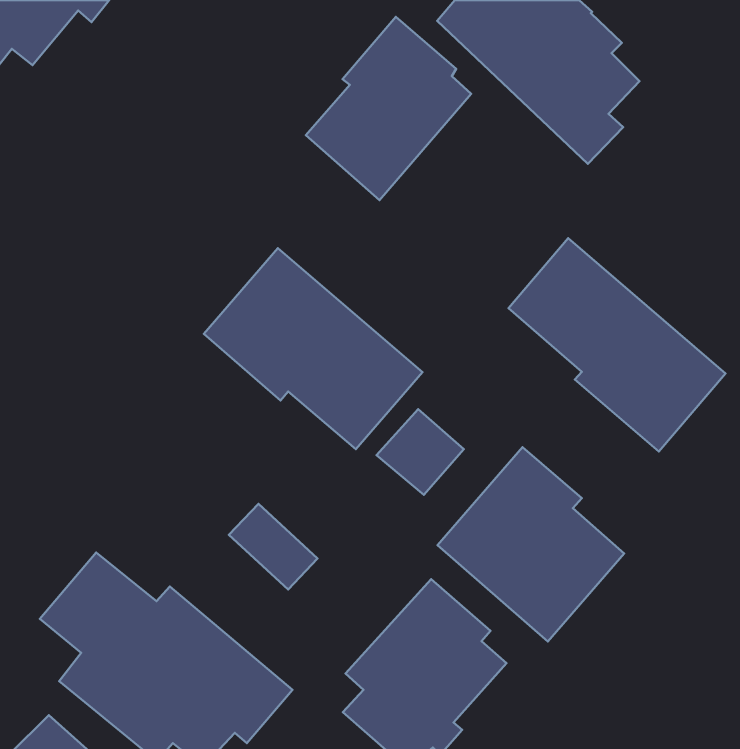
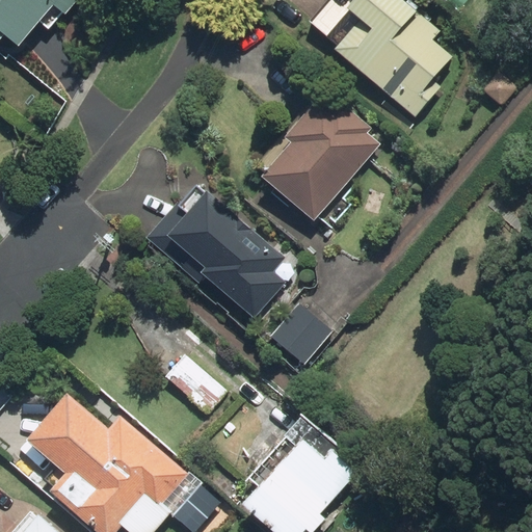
building: [306,17,471,200] -> [261,92,377,221]
building: [508,238,726,452] -> none
building: [437,447,624,642] -> none

